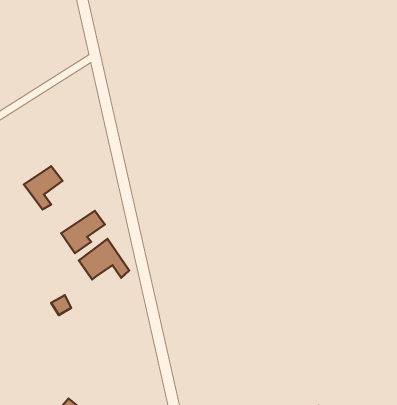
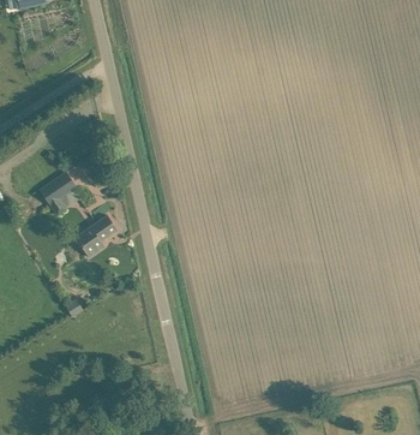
building: [79,239,129,280] -> none

